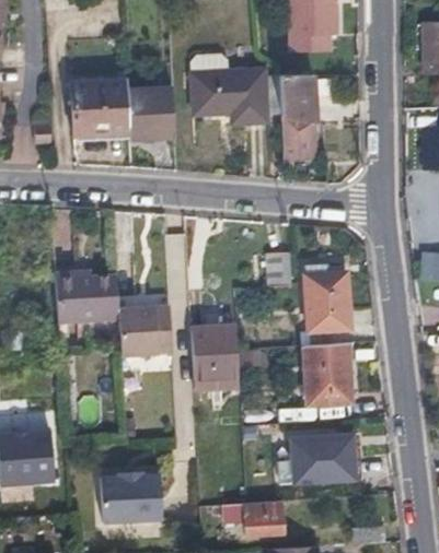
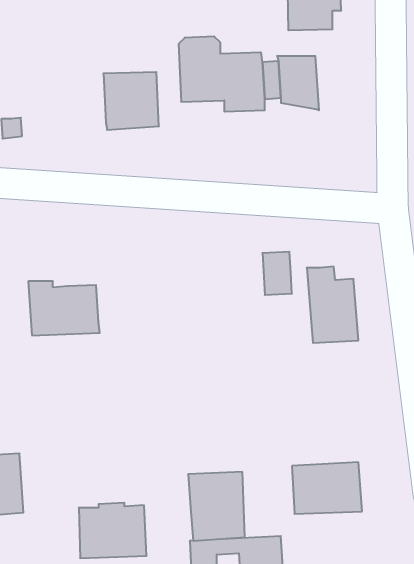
building: [72,82,127,137] -> none
building: [282,117,316,173] -> none
building: [120,307,173,356] -> none
building: [190,330,241,391] -> [188,472,245,541]
building: [304,343,343,404] -> none

